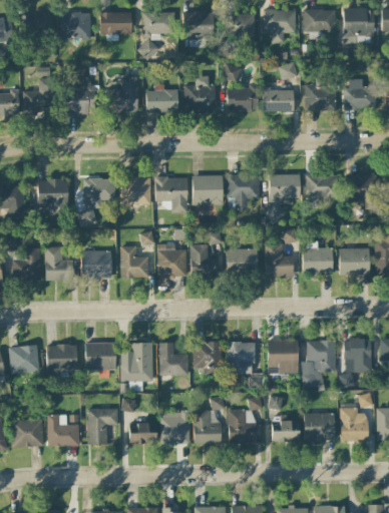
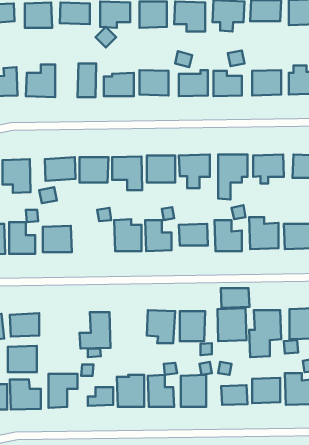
building: [119,246,147,278] -> none
building: none -> [221,288,249,308]
building: [84,342,115,370] -> [8,346,37,372]
building: [158,343,187,376] -> none

